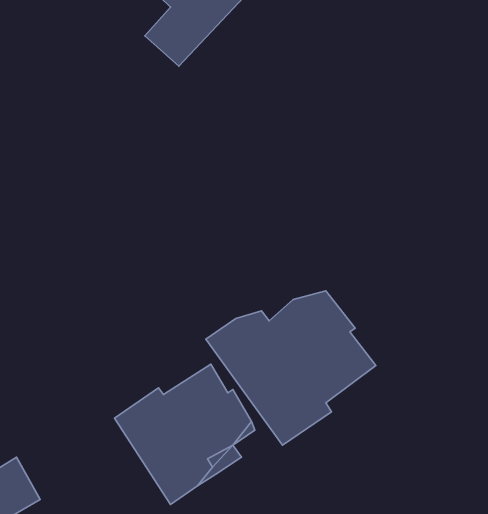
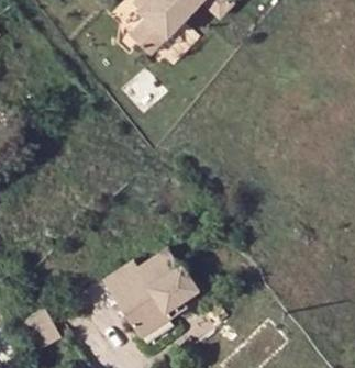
building: [206,291,376,445] -> none

